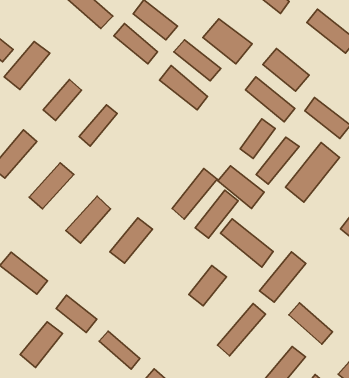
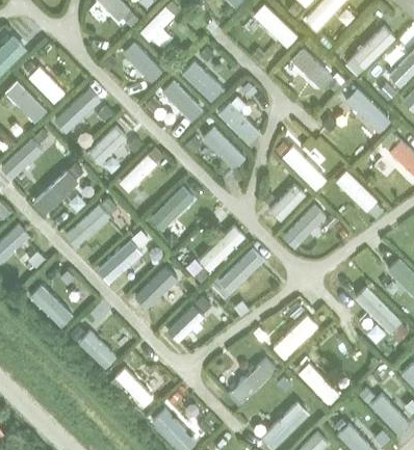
building: [203,19,252,64] -> none
building: [263,49,309,91] -> none
building: none -> [149,187,192,230]
building: [286,142,339,202] -> none
building: [218,166,264,208] -> none
building: [221,219,273,267] -> none
building: [189,265,226,306] -> [165,306,203,343]
building: [20,322,63,368] -> none

